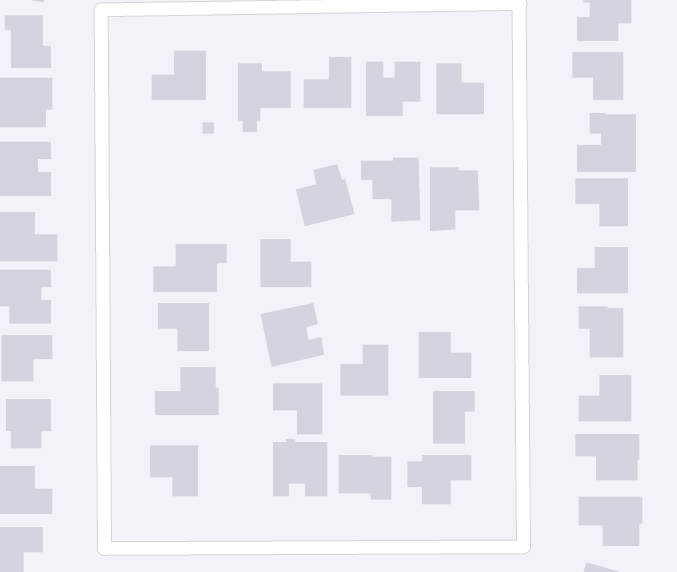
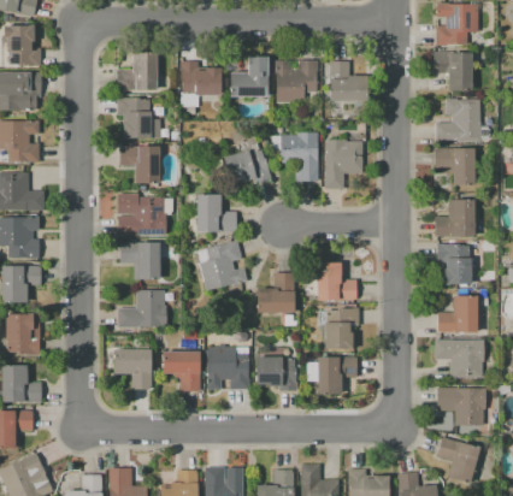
building: none -> [117,99,160,137]
building: none -> [118,146,159,183]
building: [272,383,323,435] -> [161,352,200,391]

